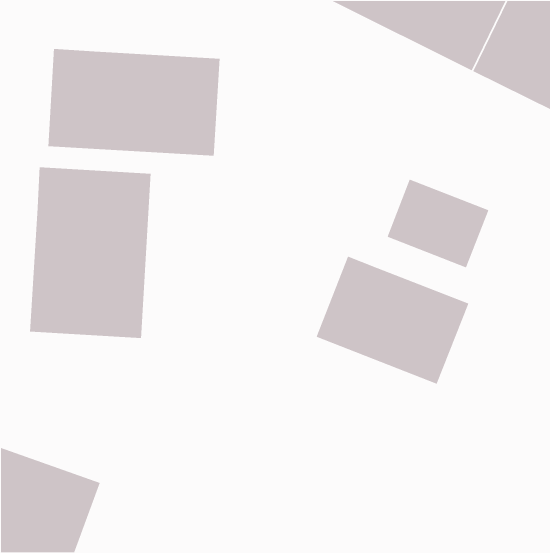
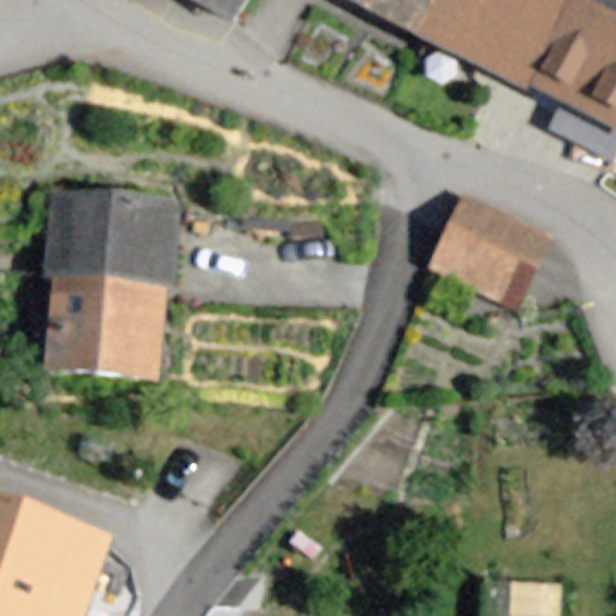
building: [47,48,220,157] -> none
building: [315,255,469,385] -> none

